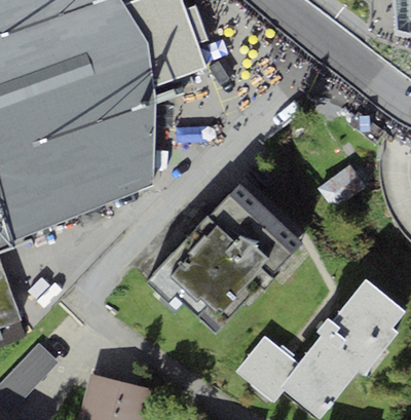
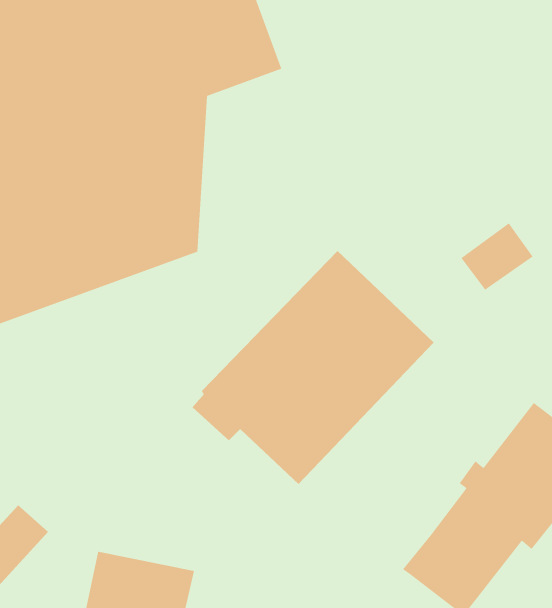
building: [235,336,299,403] -> none

